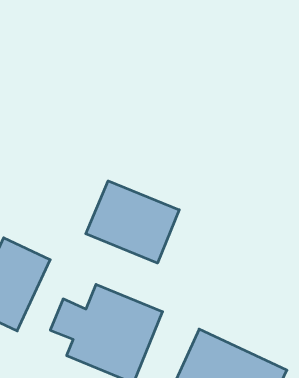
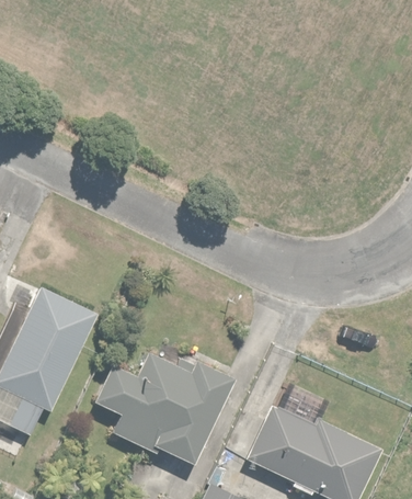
building: [86,181,179,263] -> none

